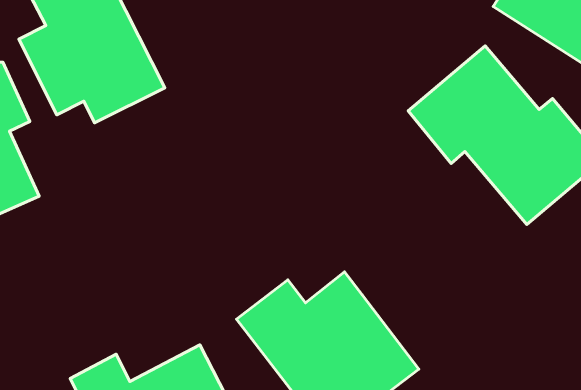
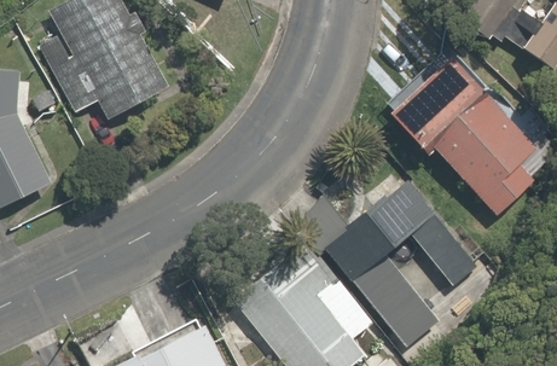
building: none -> [317,173,472,350]

